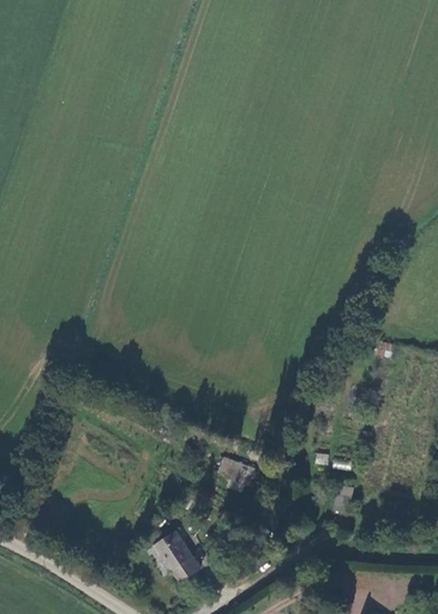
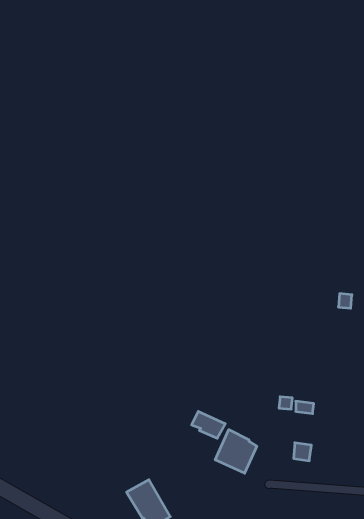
building: none -> [215,430,257,473]

